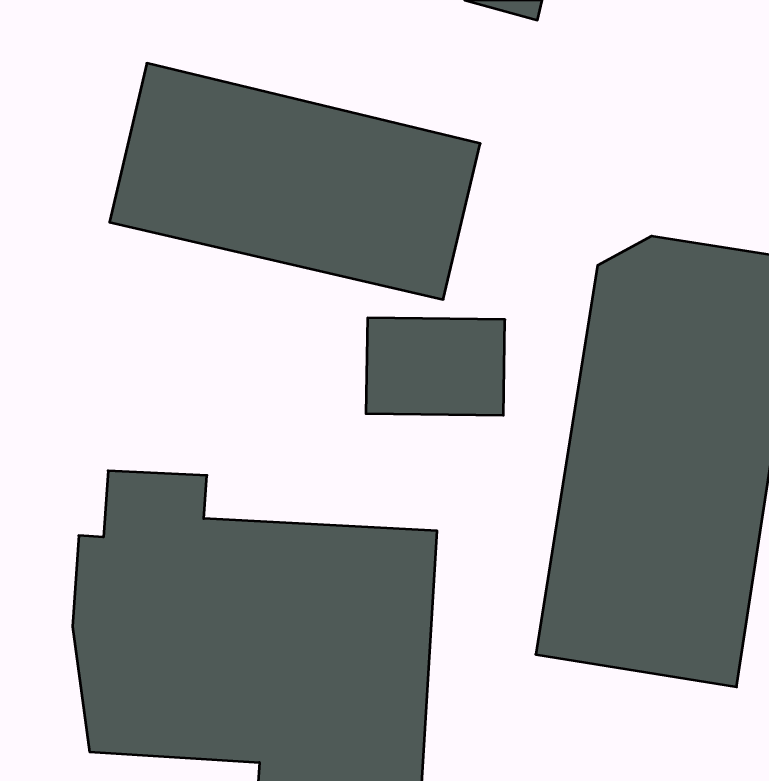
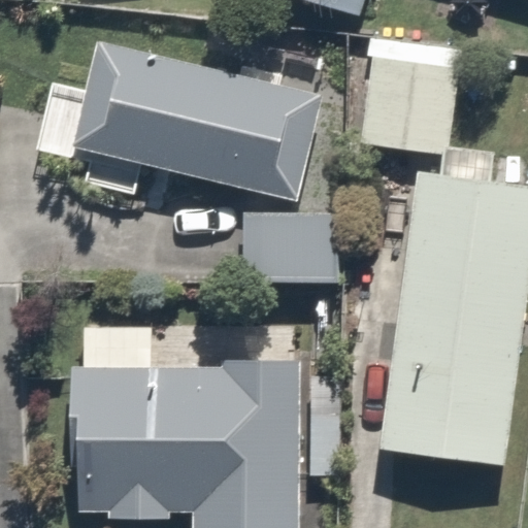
building: none -> [361,53,460,145]

